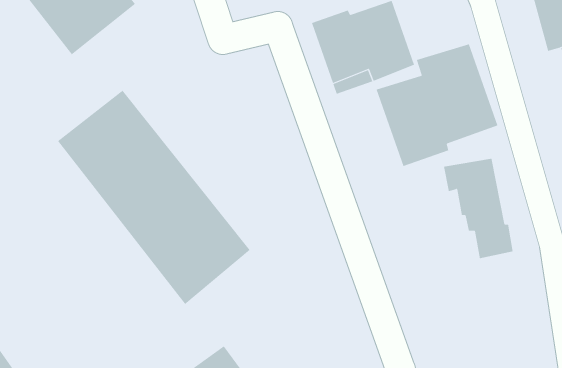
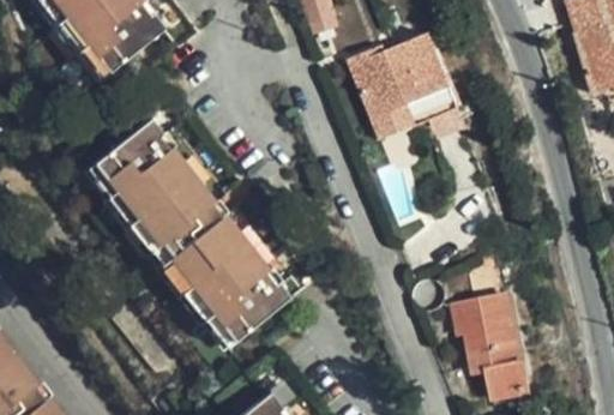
building: [376,43,498,167] -> none
building: [443,158,514,259] -> [456,289,526,390]

